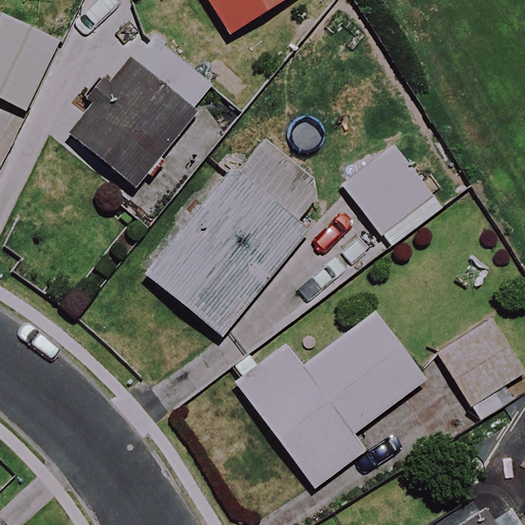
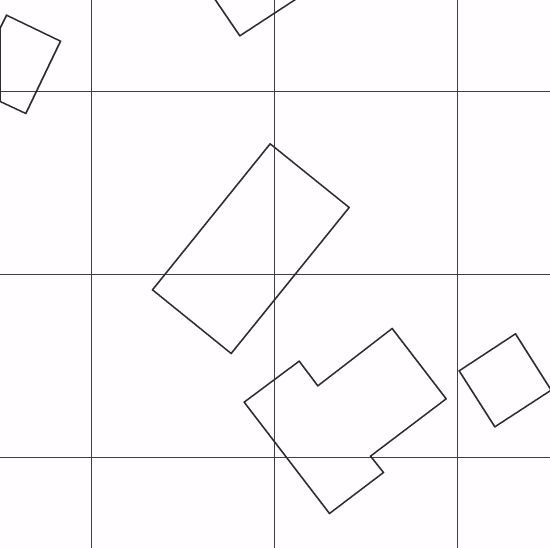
building: [69,59,194,187] -> none
building: [344,144,433,234] -> none

